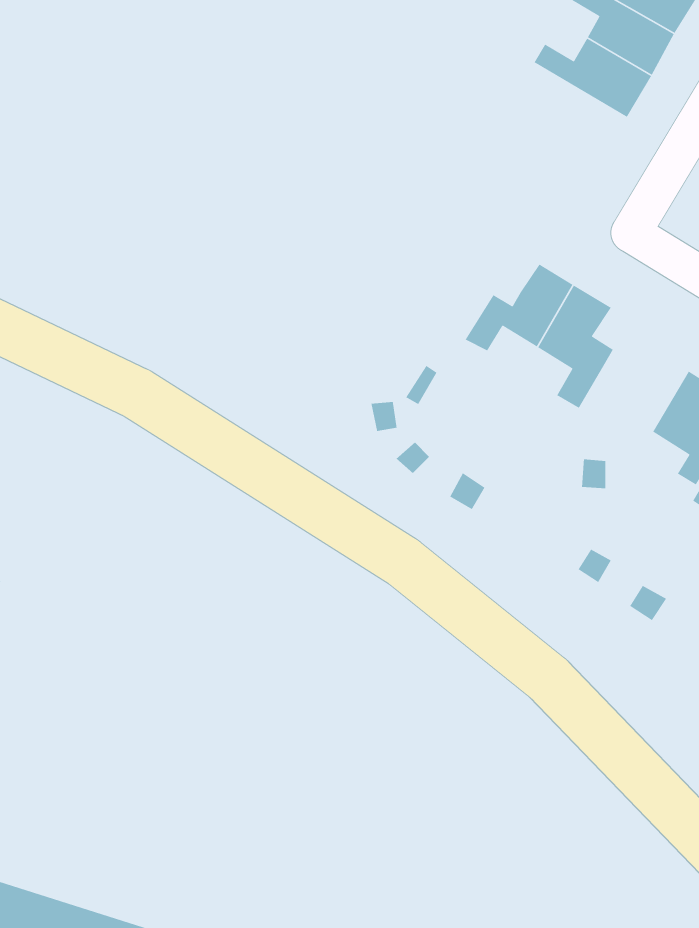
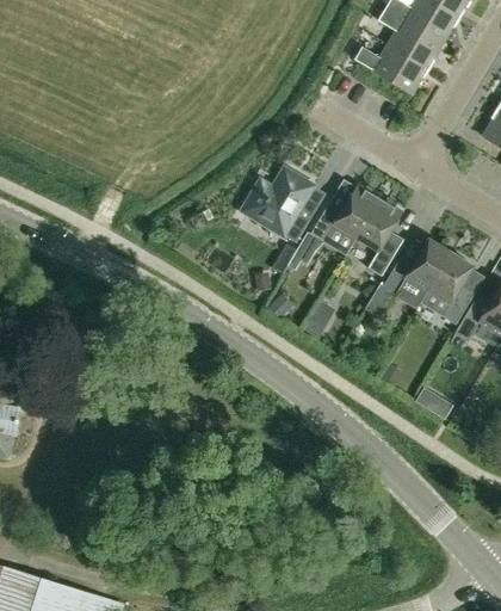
building: none -> [242,168,321,241]
building: none -> [383,239,450,308]

